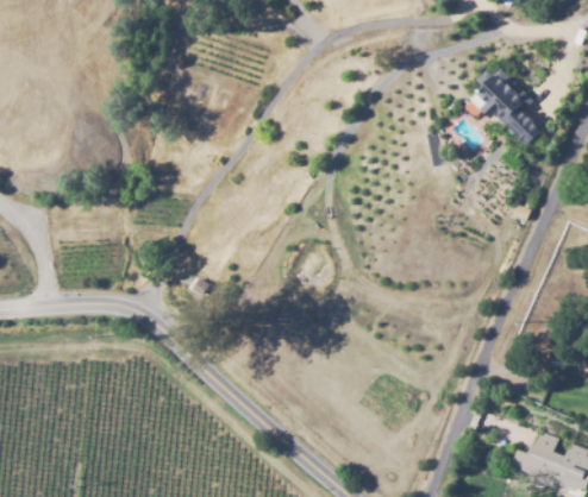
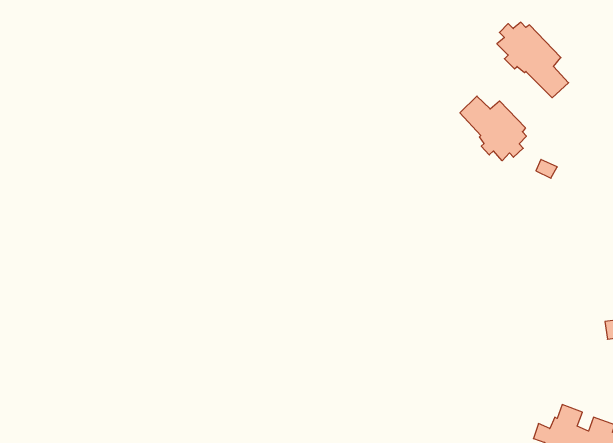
building: none -> [460,96,526,161]

